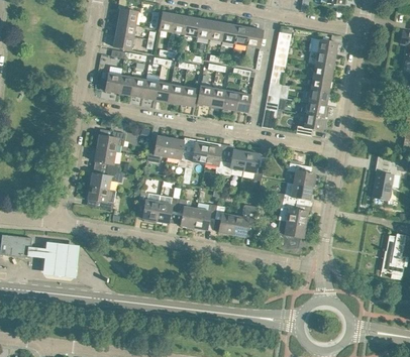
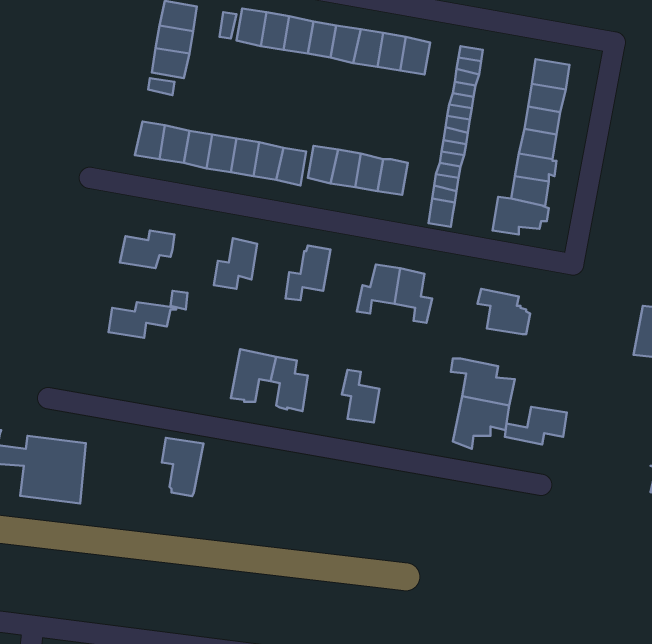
building: [167,138,187,167] -> none
building: [205,141,226,174] -> none
building: [94,148,120,171] -> none
building: [279,184,312,204] -> [505,407,567,444]
building: [87,186,115,210] -> none
building: [138,192,161,223] -> [162,438,203,496]
building: [194,203,218,230] -> none
building: [232,205,255,237] -> none

